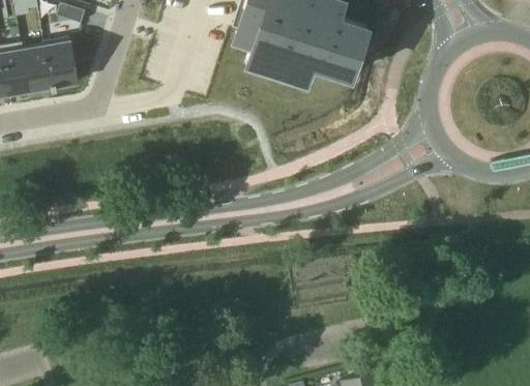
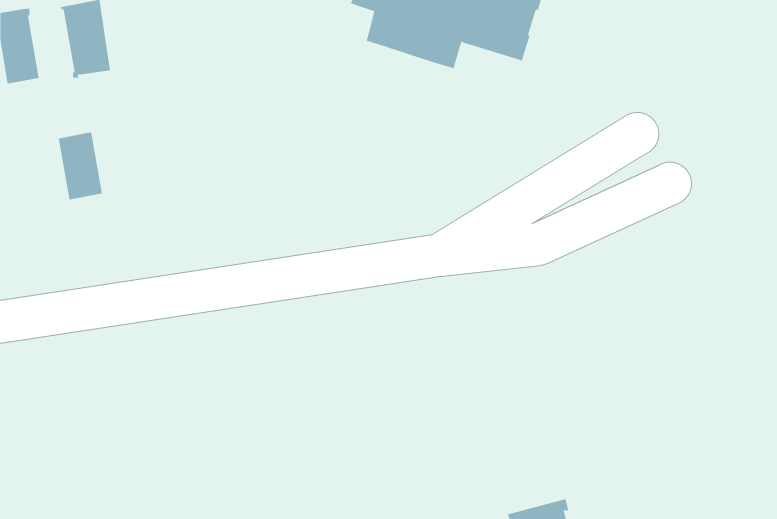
building: [21,44,51,90] -> [58,132,103,200]

